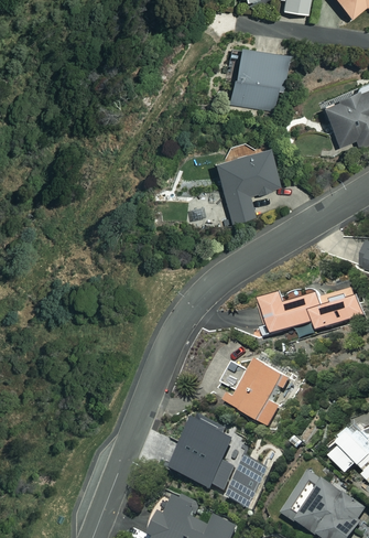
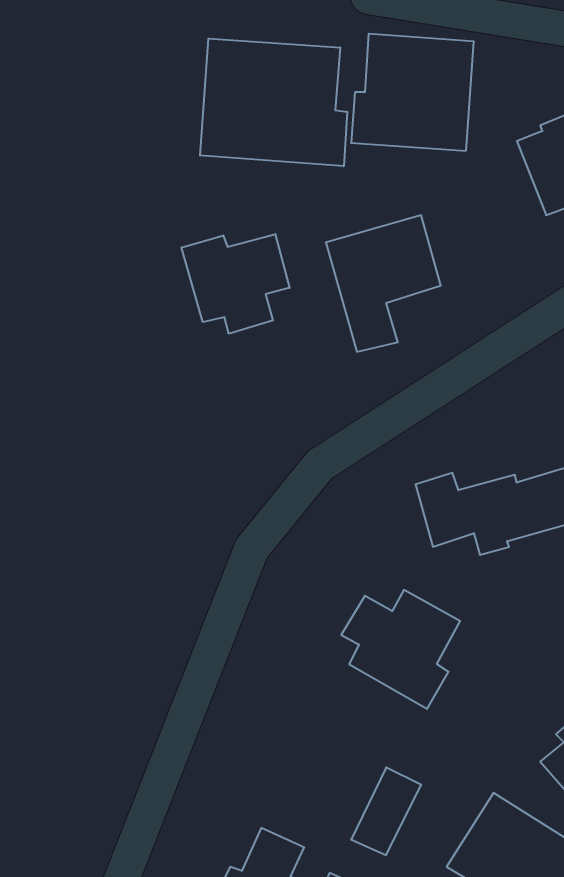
building: none -> [200,38,347,166]
building: none -> [182,234,290,334]
building: [170,419,235,491] -> none

